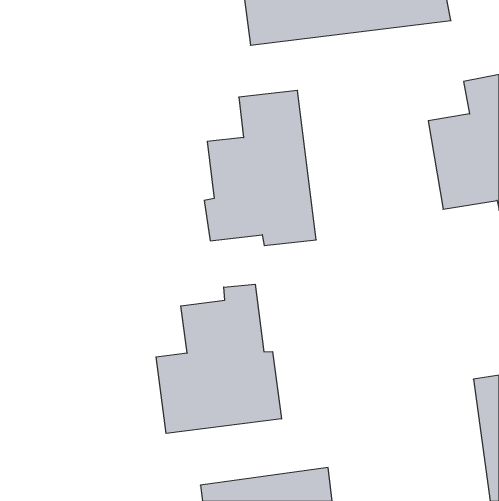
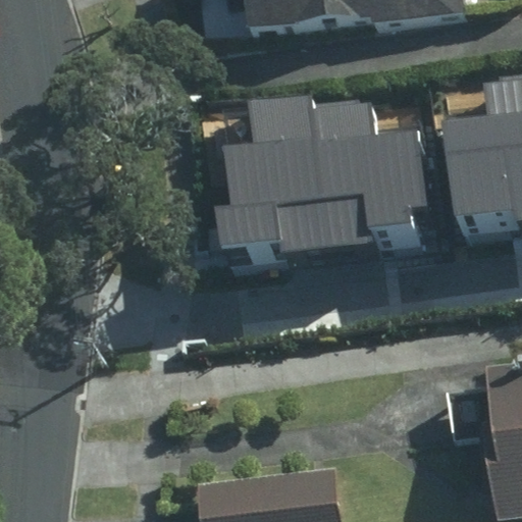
building: none -> [309,87,434,249]
building: [156,284,281,433] -> none

